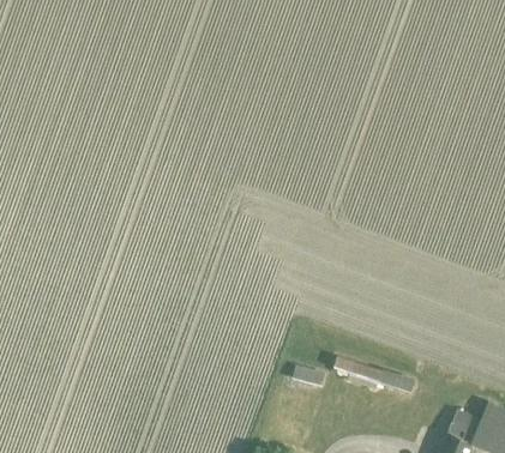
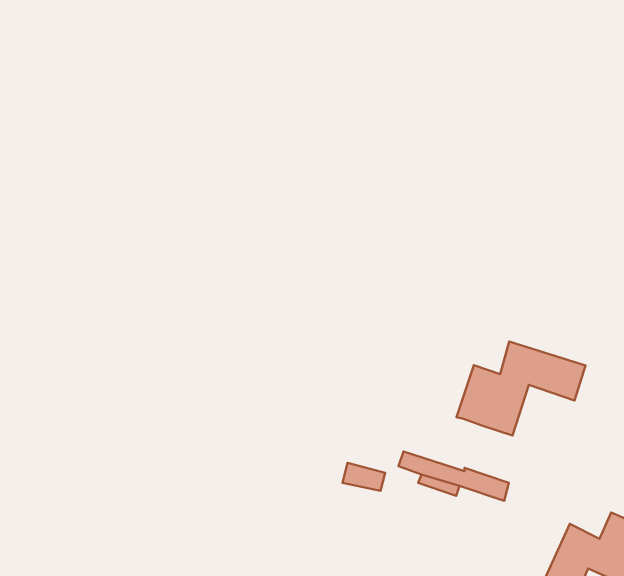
building: none -> [457,342,586,435]

